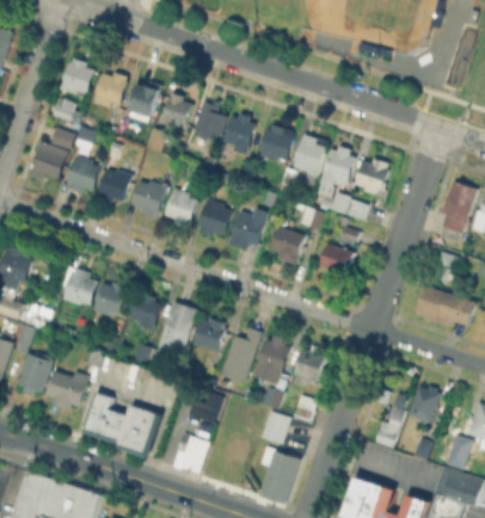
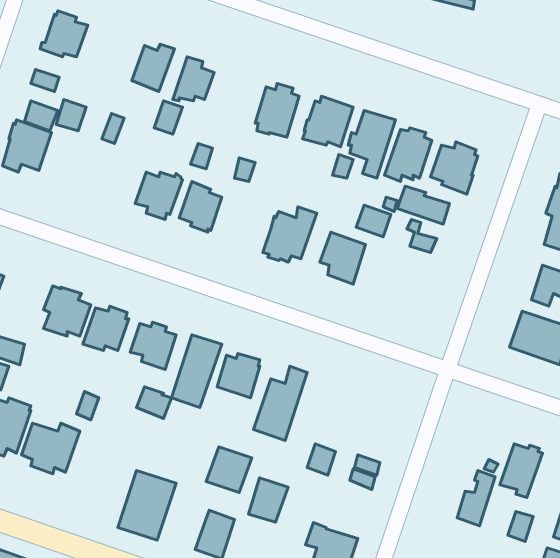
building: [93,73,129,111] -> none
building: [192,101,227,138] -> none
building: [67,154,102,192] -> none
building: [99,168,133,202] -> none
building: [197,198,232,236] -> none
building: [320,243,354,273] -> none
building: [257,334,290,378] -> none
building: [294,347,326,386] -> none
building: [87,396,125,443] -> none
building: [262,409,291,443] -> [249,478,288,522]

